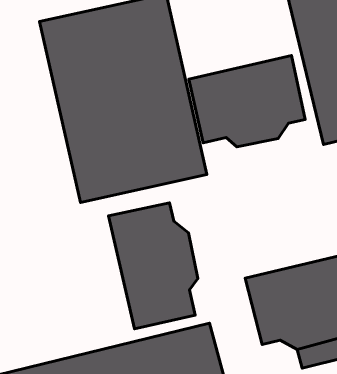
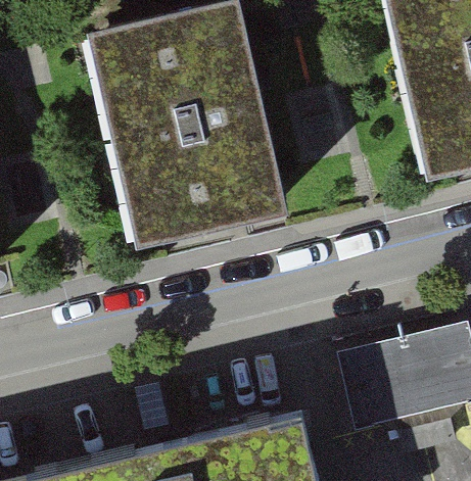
building: [189,55,305,147] -> none
building: [109,203,198,329] -> none

